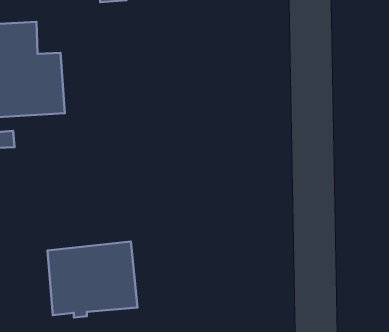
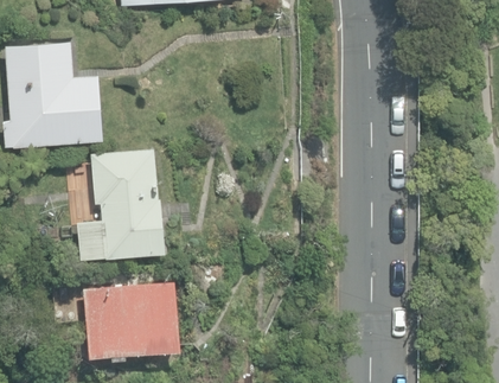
building: none -> [76,148,165,262]

